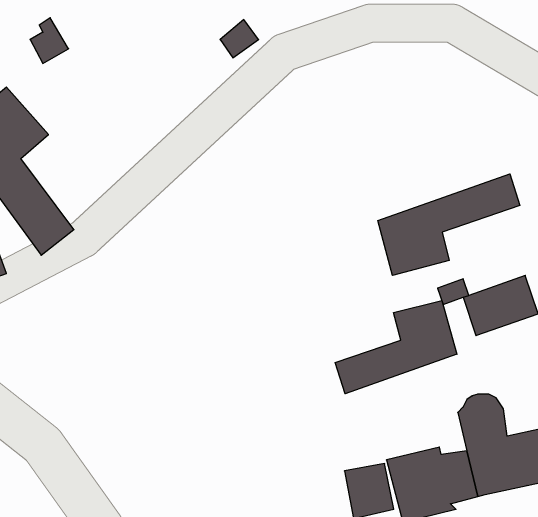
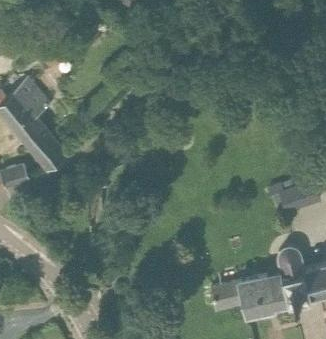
building: [378,174,520,275] -> none
building: [335,300,457,394] -> none

